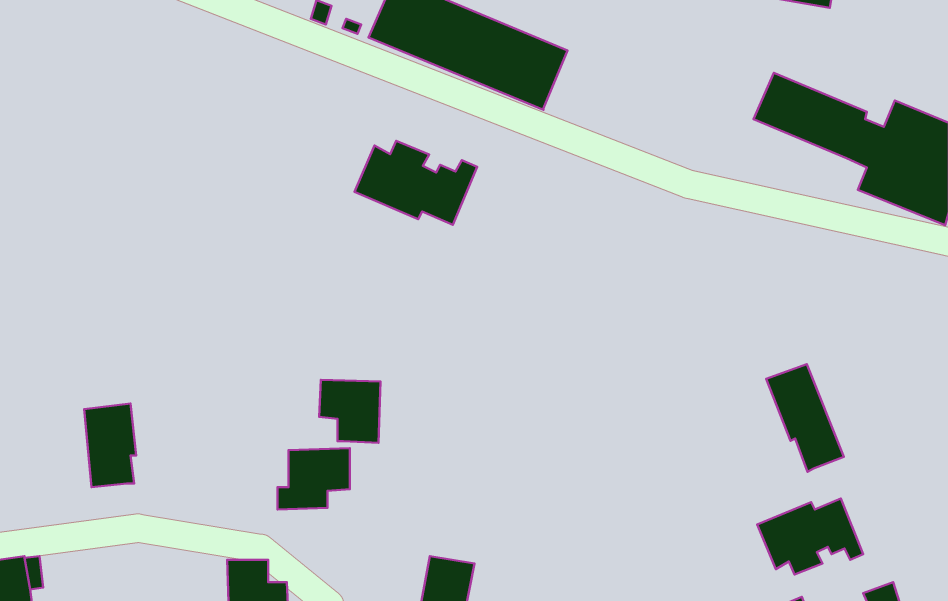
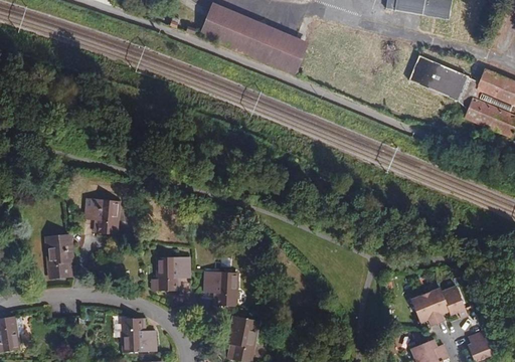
building: [354,141,477,225] -> none
building: none -> [85,198,119,233]
building: [766,364,844,472] -> none
building: [319,380,380,443] -> [204,272,237,306]

